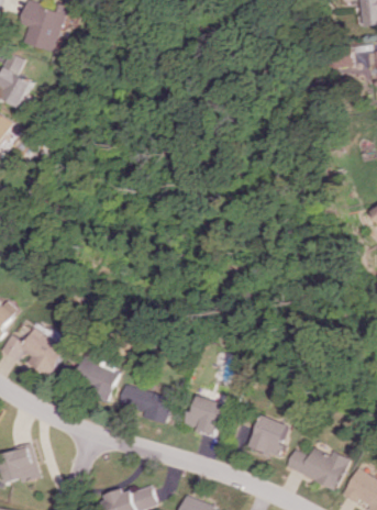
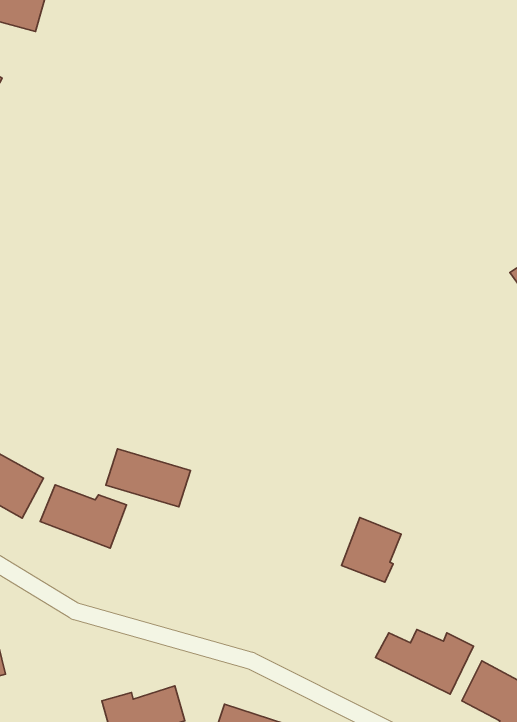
building: [114,384,170,422] -> [106,449,191,507]
building: [184,396,221,434] -> none
building: [245,414,285,457] -> [342,517,401,582]

